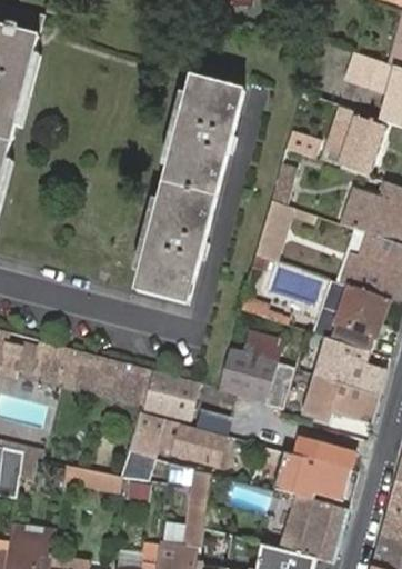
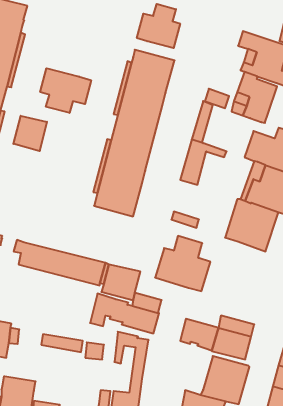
building: none -> [137,4,180,48]
building: none -> [40,68,91,113]
building: none -> [13,116,47,151]
building: [301,348,386,423] -> none

